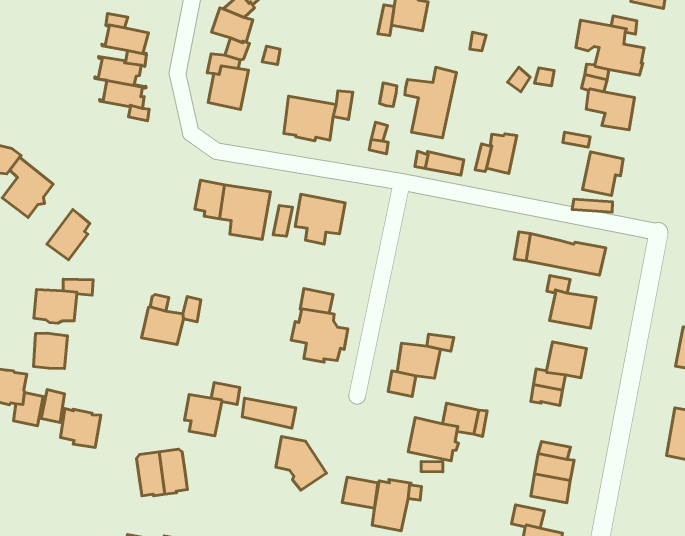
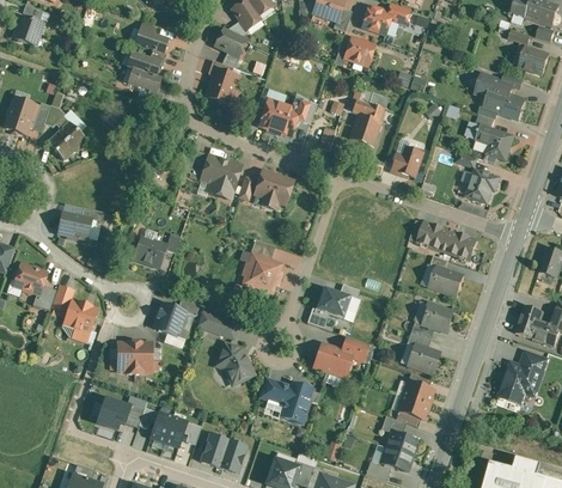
building: [47,210,90,260] -> none
building: [34,333,67,368] -> none
building: none -> [408,344,438,373]

